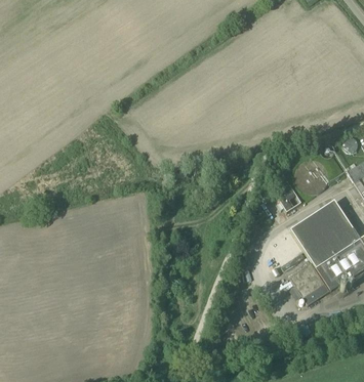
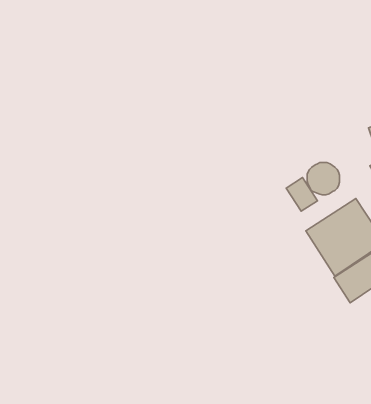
building: [290,261,330,303] -> none

